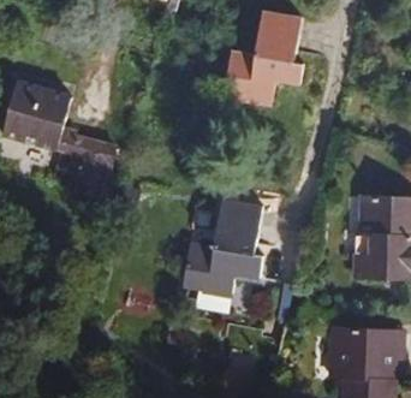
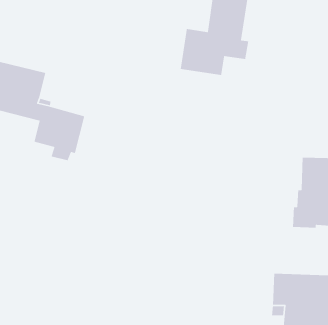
building: [181,197,263,295] -> none

